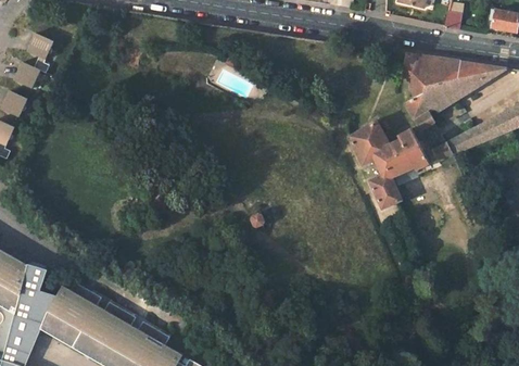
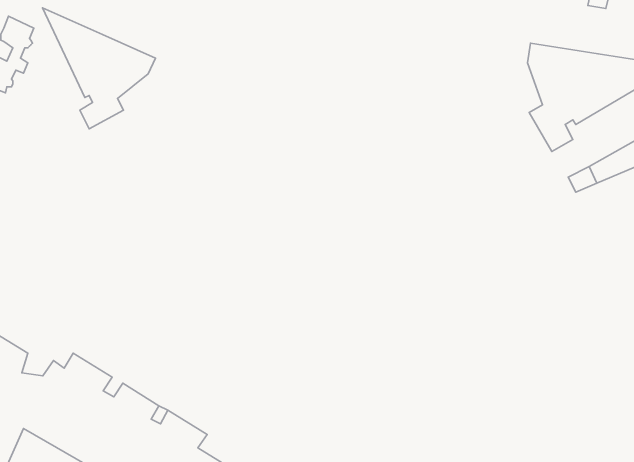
building: none -> [43,8,155,129]
building: [350,118,431,209] -> none

